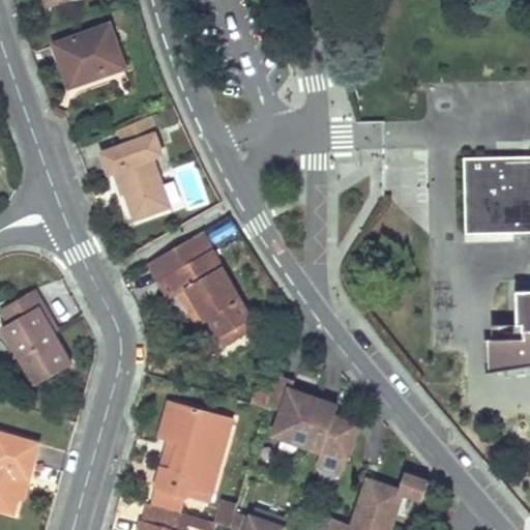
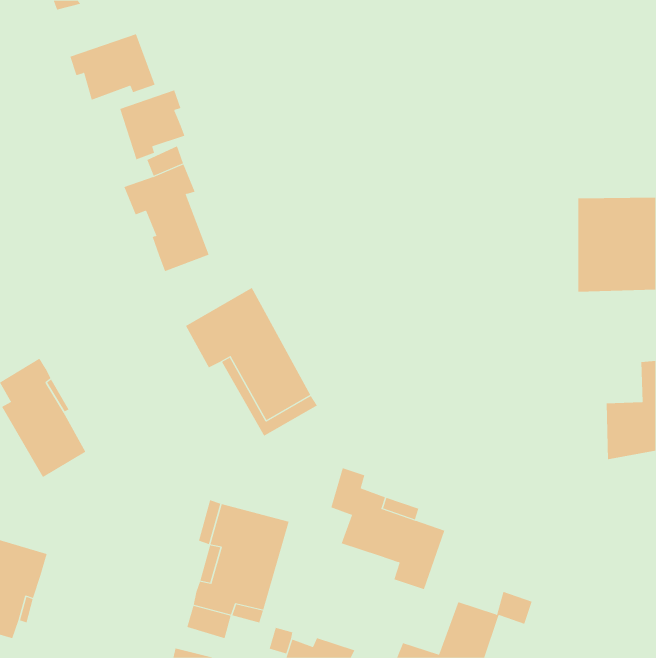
building: none -> [120,90,185,160]

